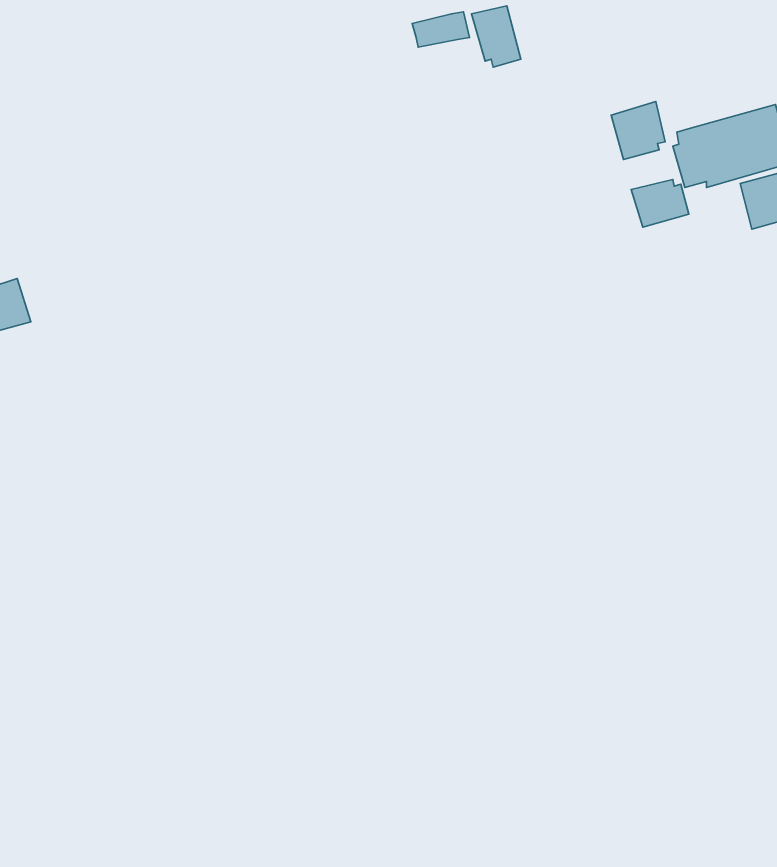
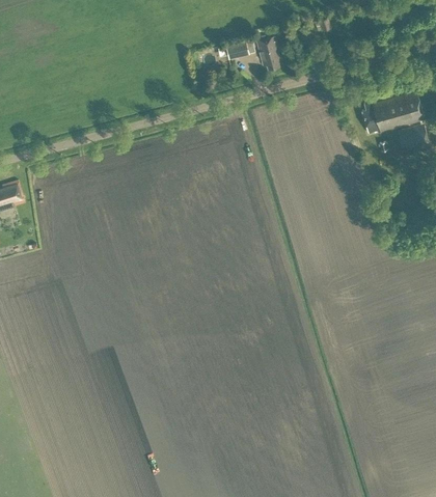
building: [611,102,665,159] -> none
building: [631,180,689,227] -> none

